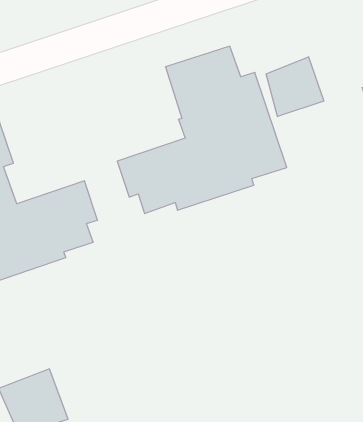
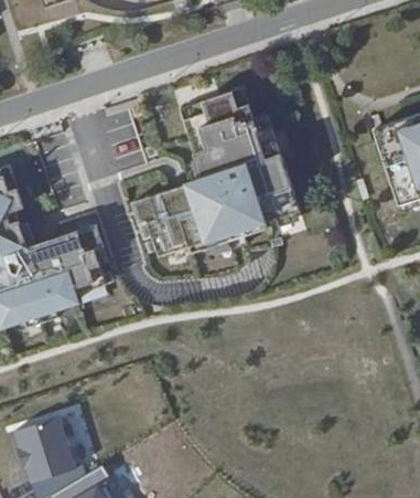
building: [266,57,324,117] -> none

